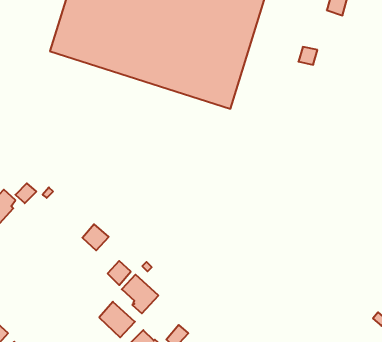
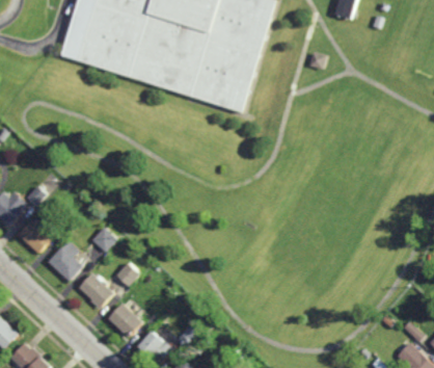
building: none -> [18,218,52,254]
building: none -> [49,240,84,282]
building: [122,275,158,313] -> [79,273,115,312]

